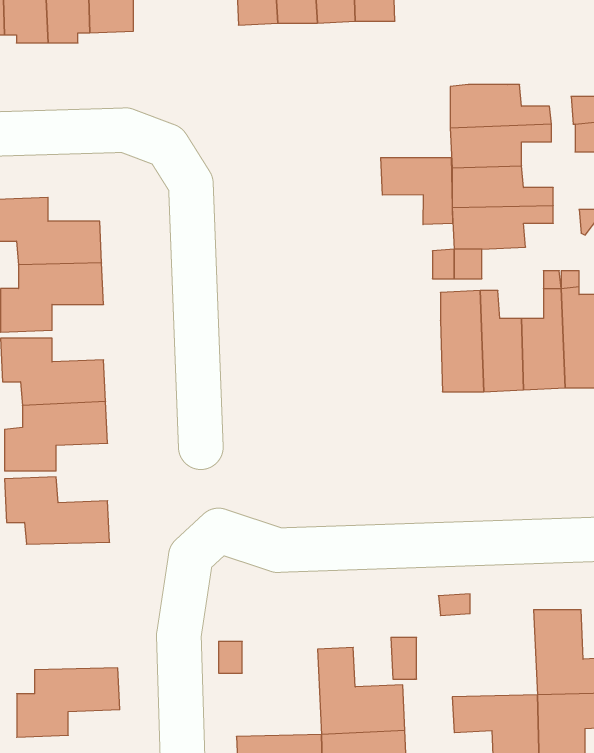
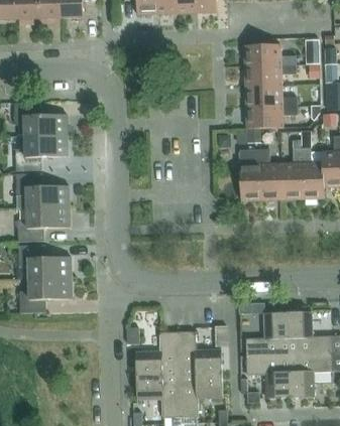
building: [381,158,453,225] -> none
building: none -> [246,311,290,356]
building: none -> [136,331,180,376]
building: [17,668,120,737] -> [20,277,73,312]

